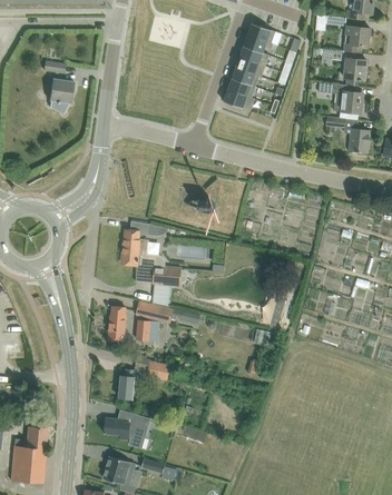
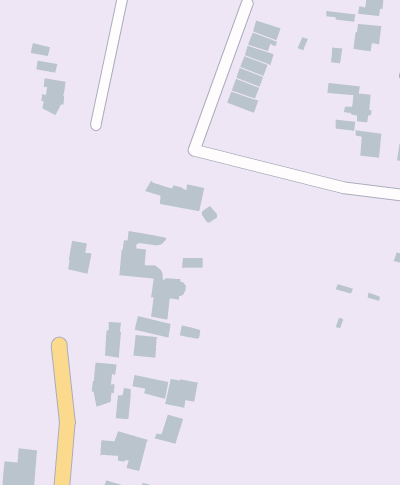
building: [344,58,366,86] -> none
building: none -> [144,180,205,212]
building: none -> [67,240,92,275]
building: none -> [91,362,117,407]
building: none -> [165,378,199,409]
building: none -> [154,414,184,445]

